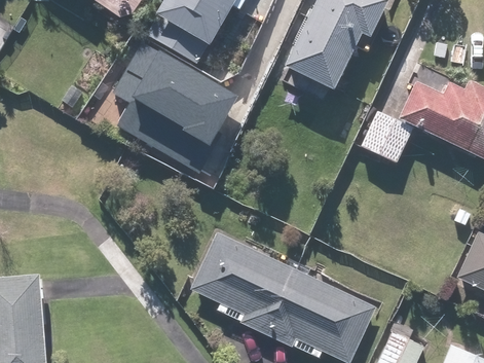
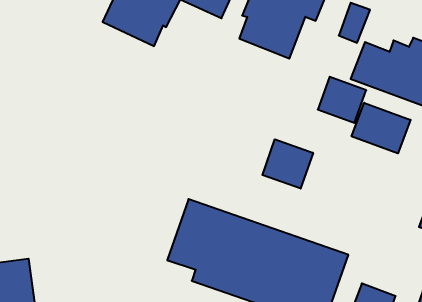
building: [110,38,236,166] -> none
building: none -> [352,103,411,153]
building: none -> [262,139,313,189]

